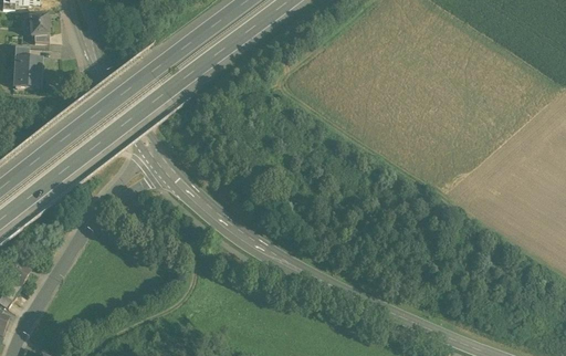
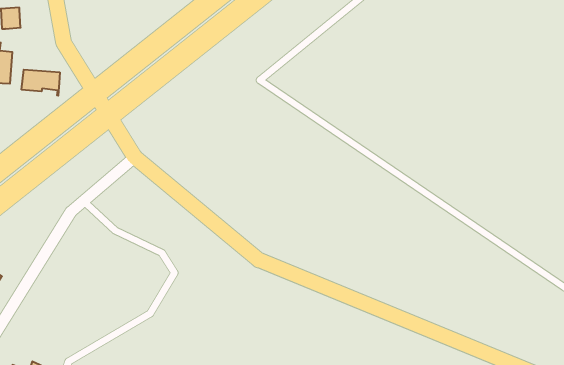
building: none -> [22,70,60,96]

